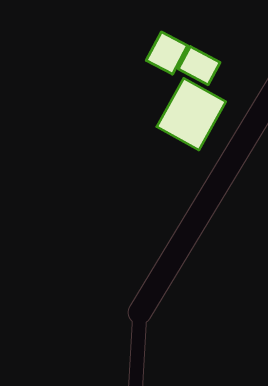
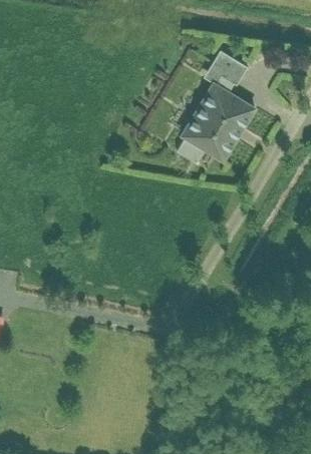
building: [146,32,188,74] -> none

